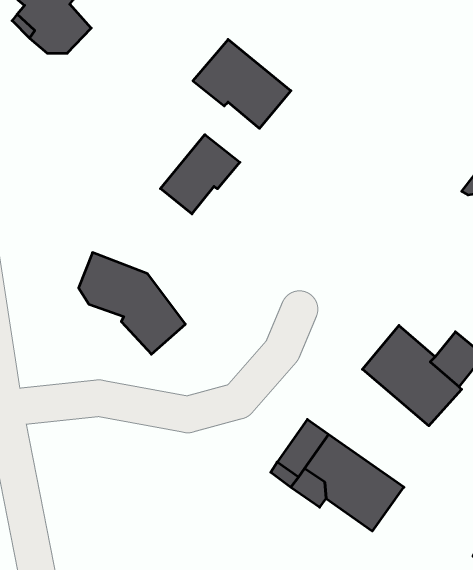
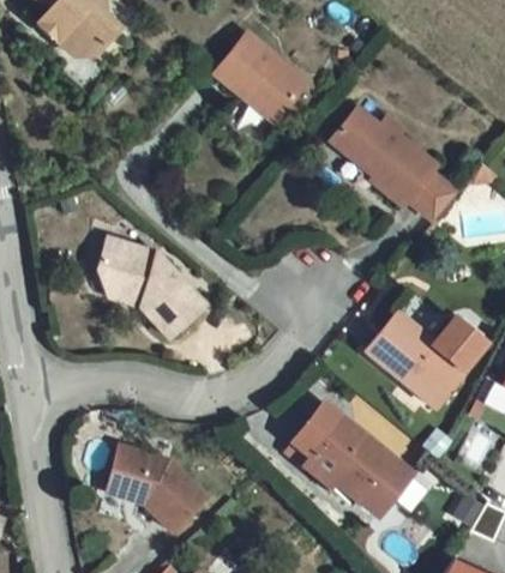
building: none -> [327,113,451,229]
building: [160,135,240,214] -> none
building: none -> [108,440,212,524]

